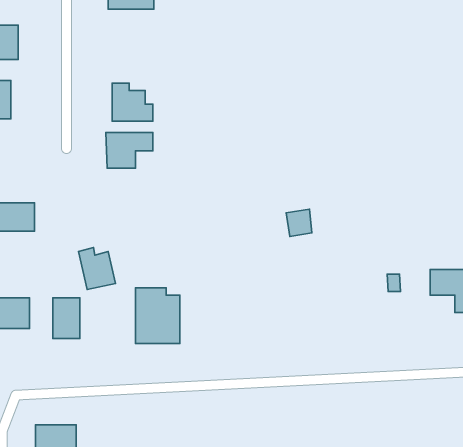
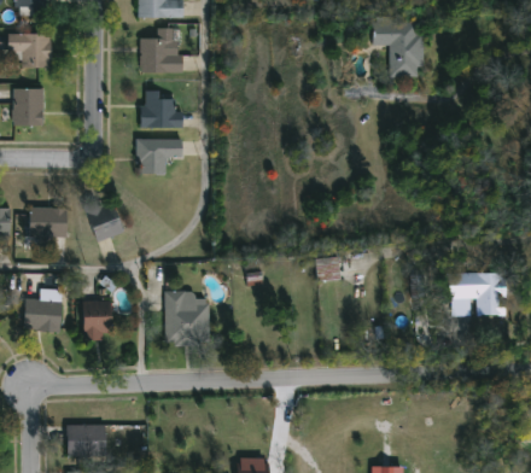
building: none -> [373,21,421,77]
building: none -> [139,28,182,72]
building: [286,209,312,236] -> [314,256,339,282]
building: [79,248,116,290] -> [86,199,122,240]

